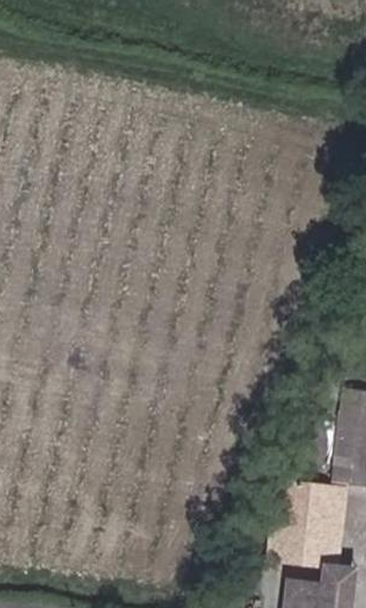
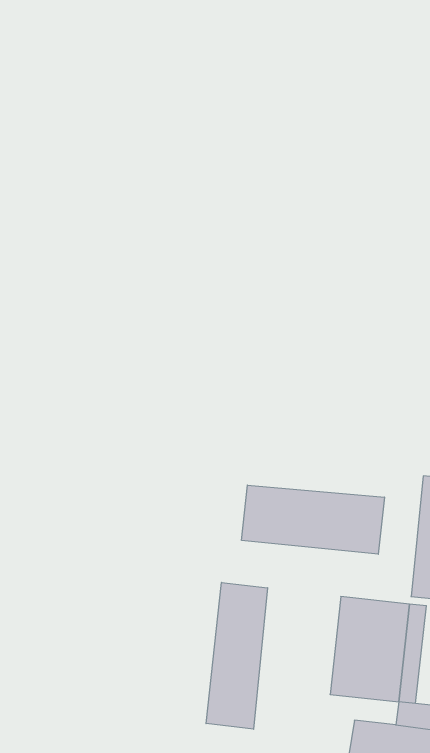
building: none -> [242,485,384,554]
building: none -> [206,582,268,729]

